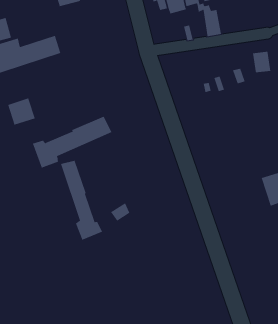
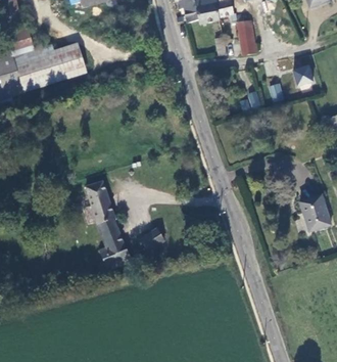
building: [8,97,35,125] -> none
building: [32,116,112,168] -> none

